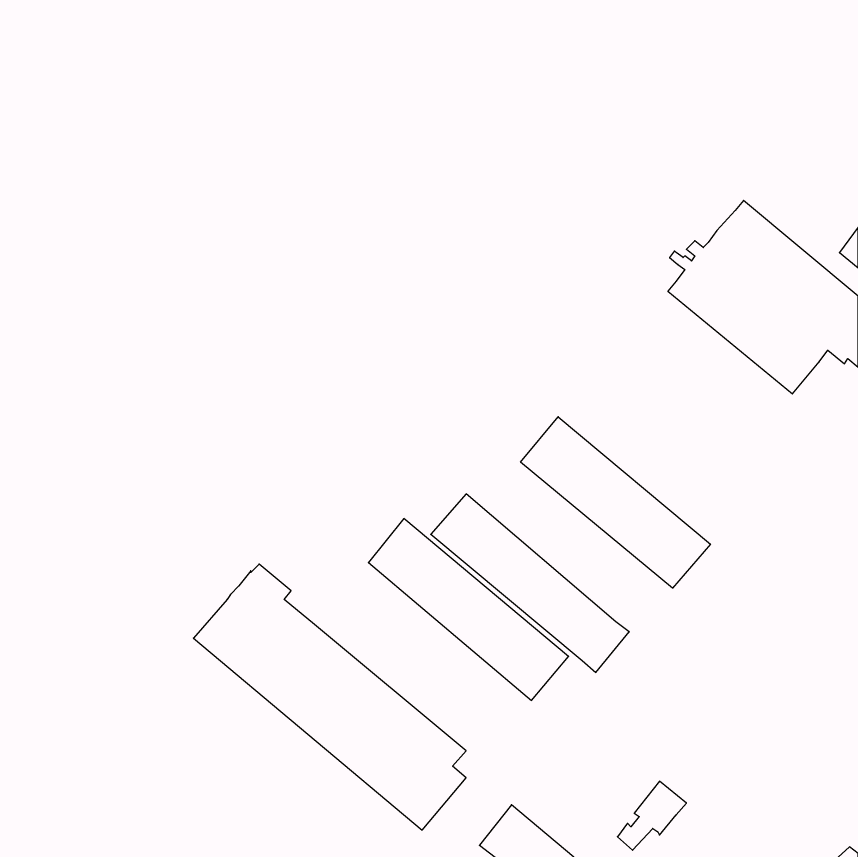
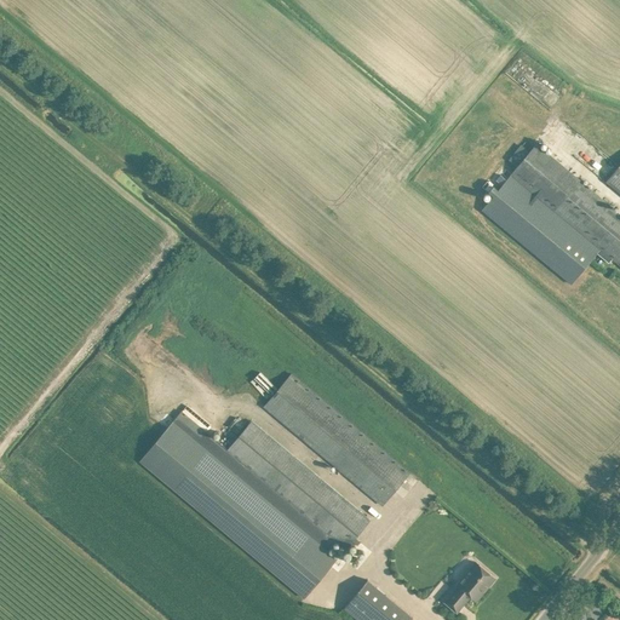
building: [521,417,710,588] -> none
building: [431,494,629,672] -> [226,423,369,551]

